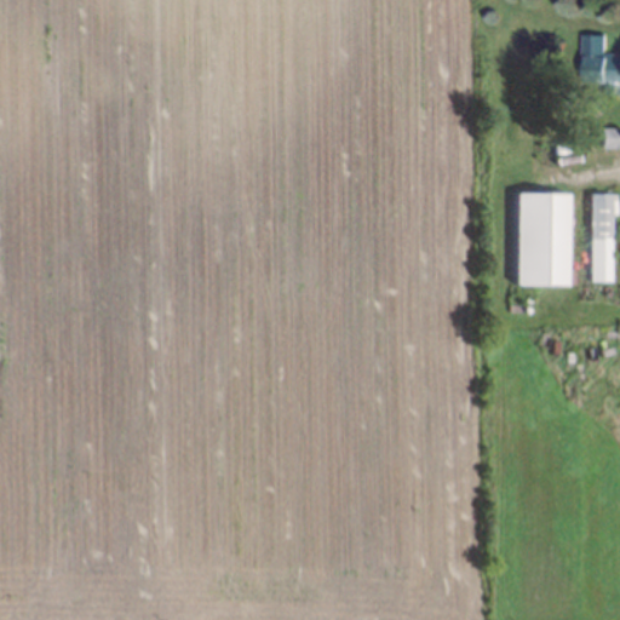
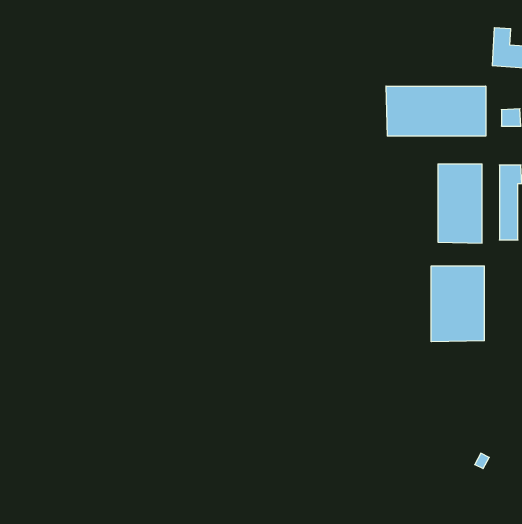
building: none -> [386,86,486,136]
building: none -> [431,266,484,342]

